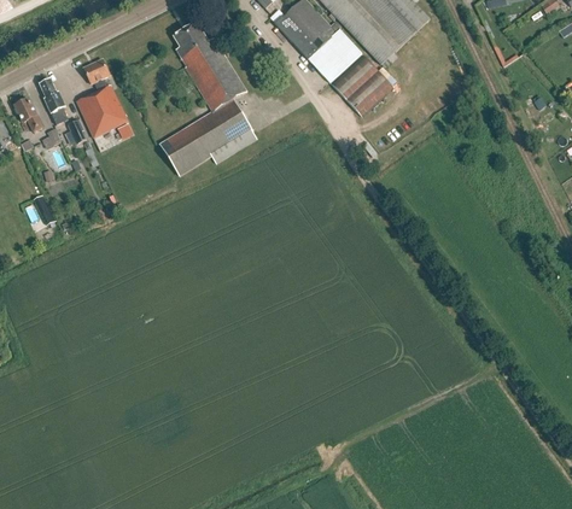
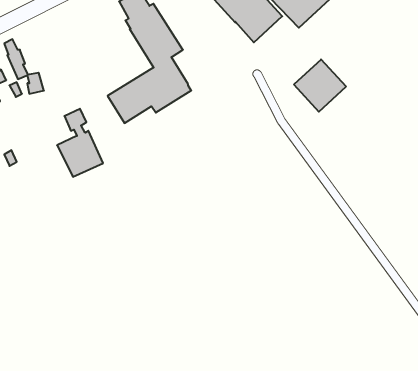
building: [331,54,391,115] -> [294,59,346,112]
building: [75,57,128,135] -> [57,109,103,177]

